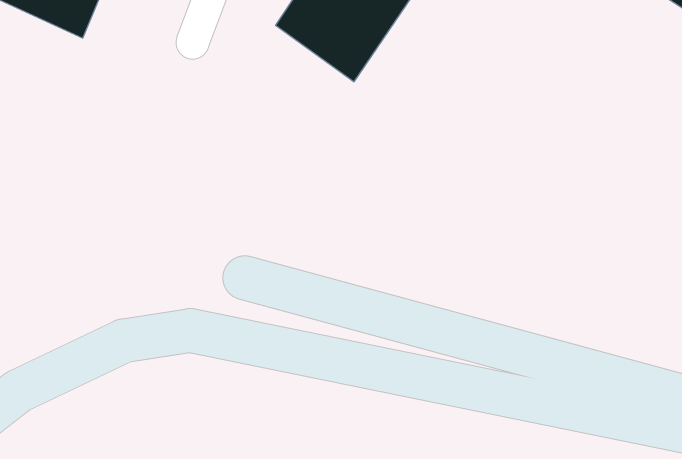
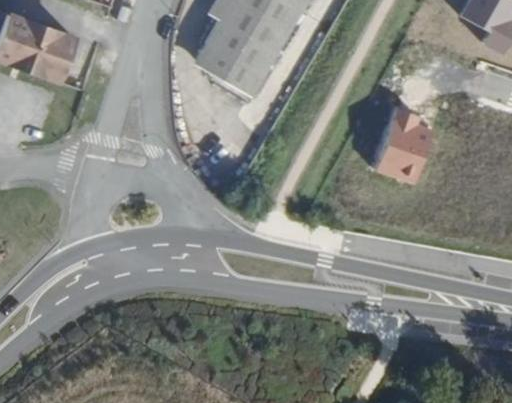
building: none -> [374,109,431,182]

